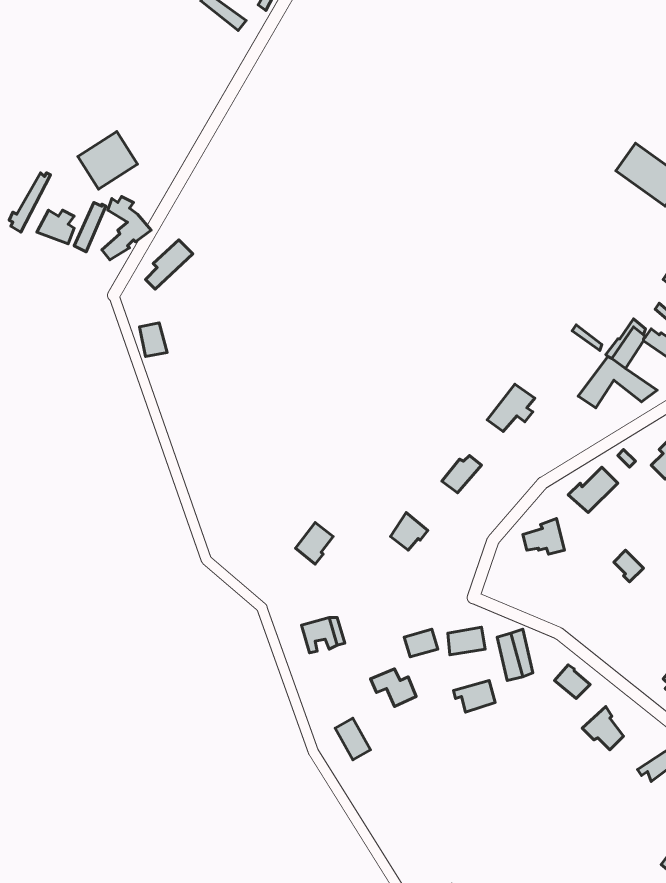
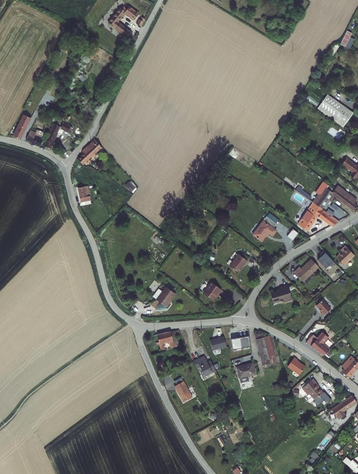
building: [78,132,137,189] -> none
building: none -> [306,327,334,354]

